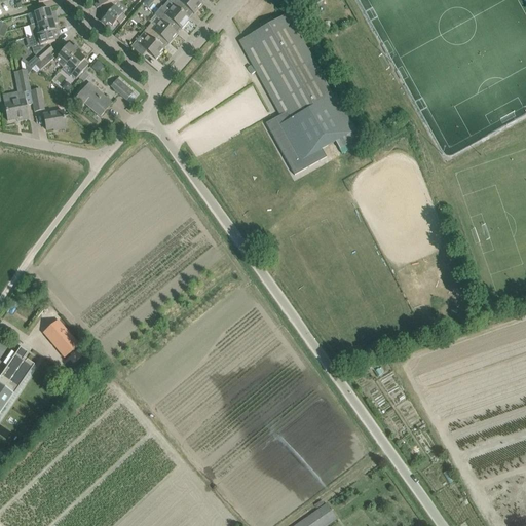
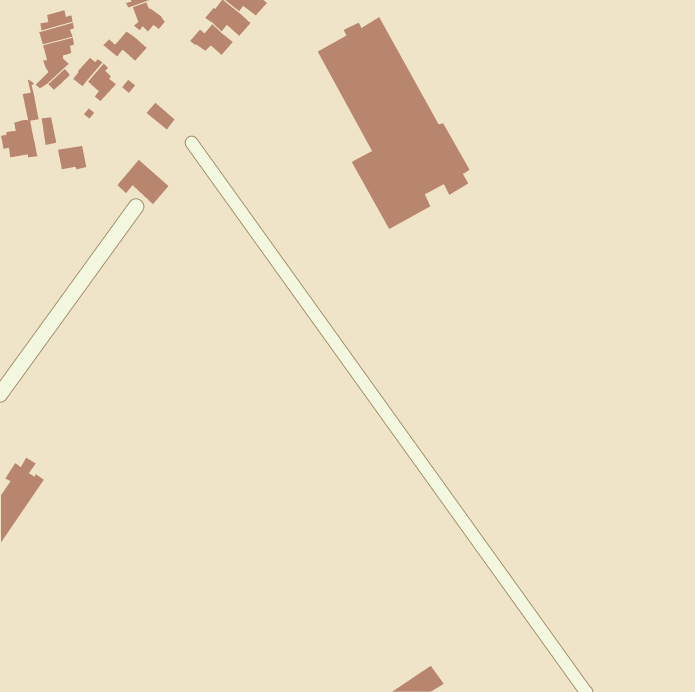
building: [130,34,164,58] -> [102,30,147,61]
building: [72,81,112,116] -> [117,159,170,205]
building: [44,320,82,360] -> none

